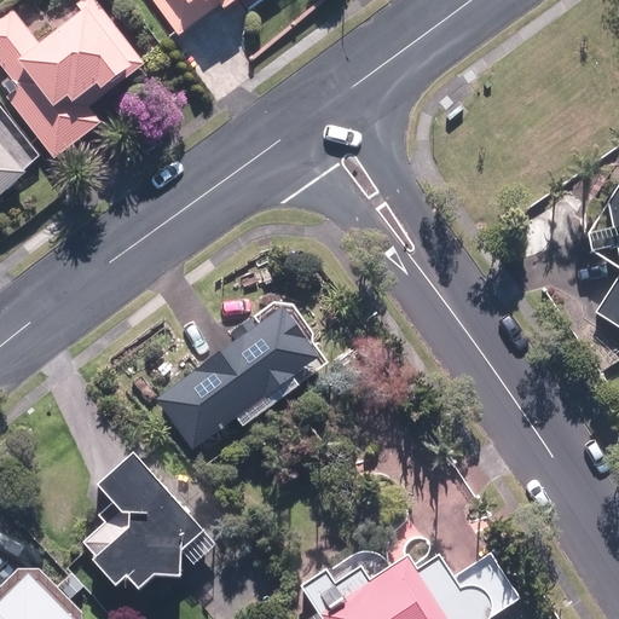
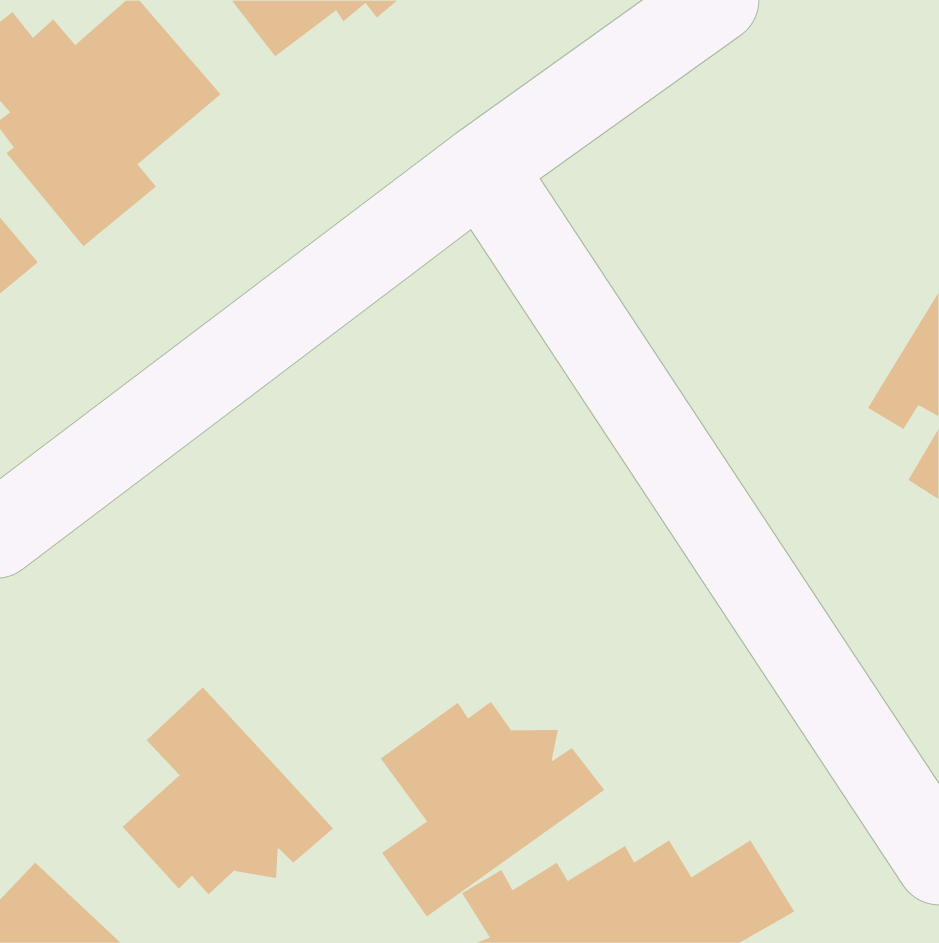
building: [152,301,326,451] -> none
building: none -> [380,701,605,918]

